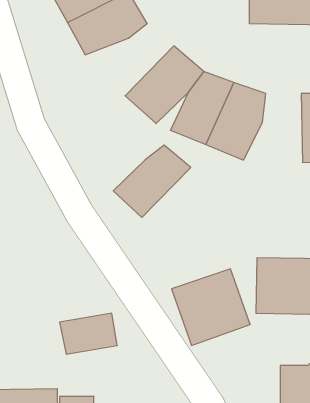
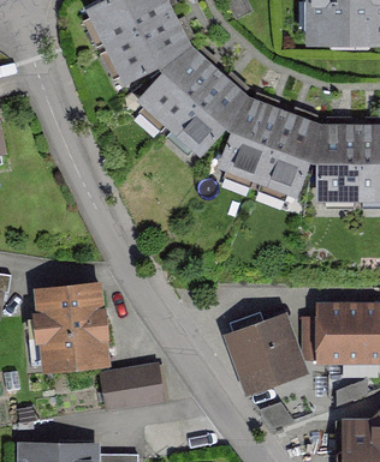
building: none -> [317,125,362,200]
building: [113,145,191,217] -> [138,49,222,127]
building: none -> [40,282,113,371]

